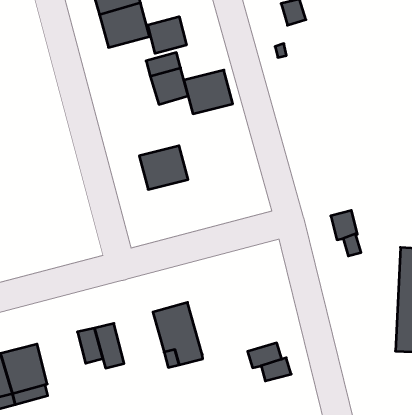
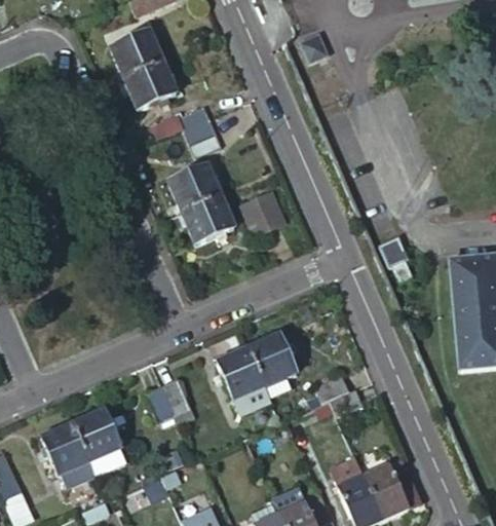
building: [148,17,186,53] -> none
building: [184,70,233,114] -> [168,163,220,211]
building: none -> [240,190,284,233]
building: none -> [250,335,299,398]

